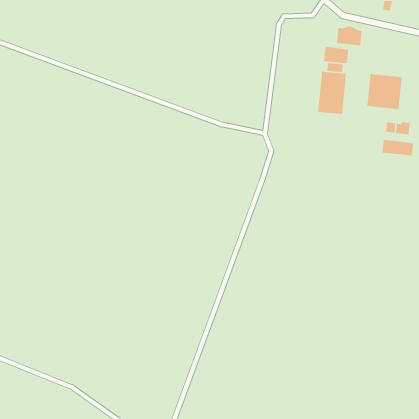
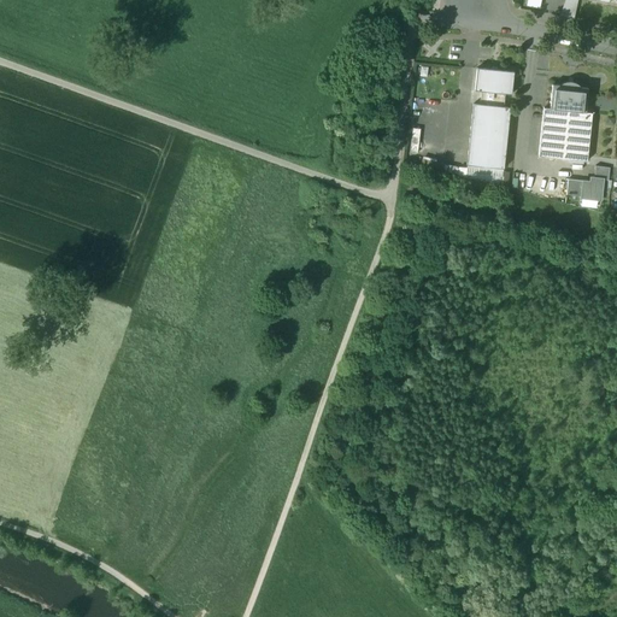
building: [336,26,362,46] -> [550,82,588,112]
building: [381,139,414,156] -> none

